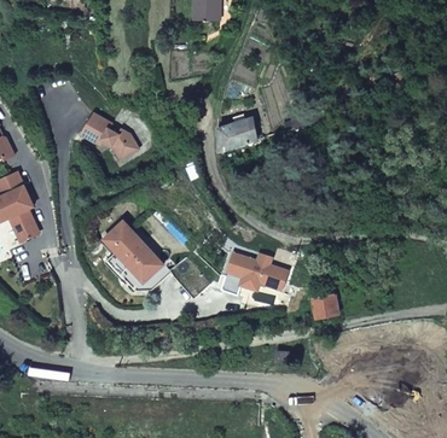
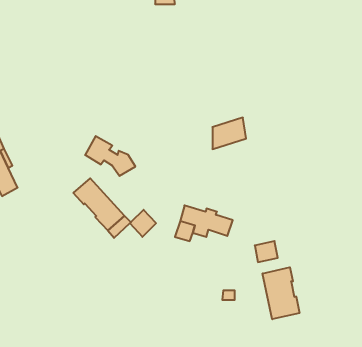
building: [79,112,137,158] -> [85,136,135,176]
building: [219,116,257,152] -> [212,118,246,149]
building: none -> [263,267,299,319]

